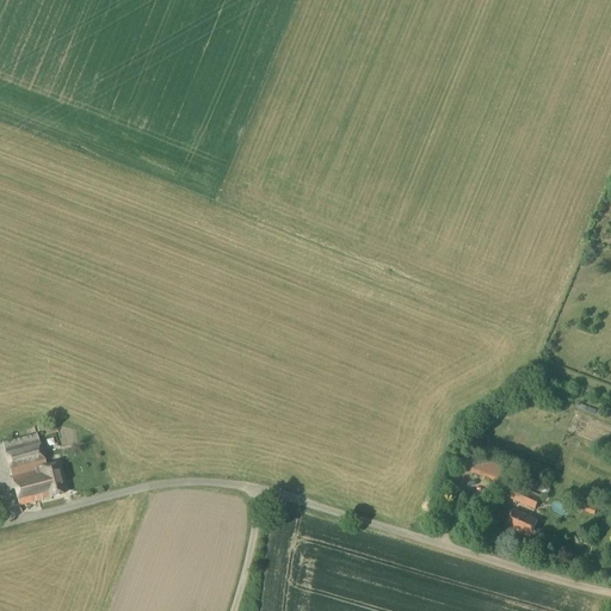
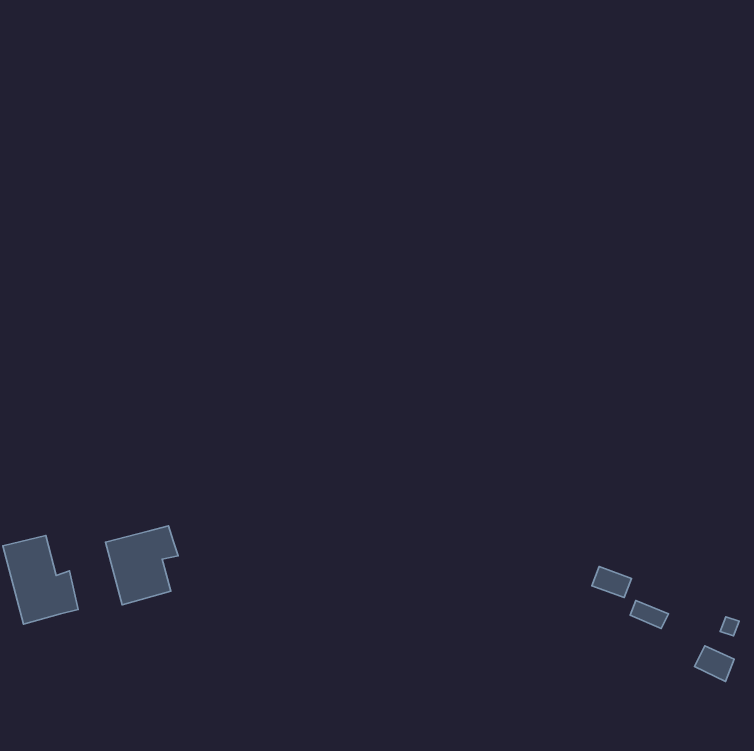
building: none -> [105,526,178,605]
building: [505,508,537,537] -> [694,646,734,681]

